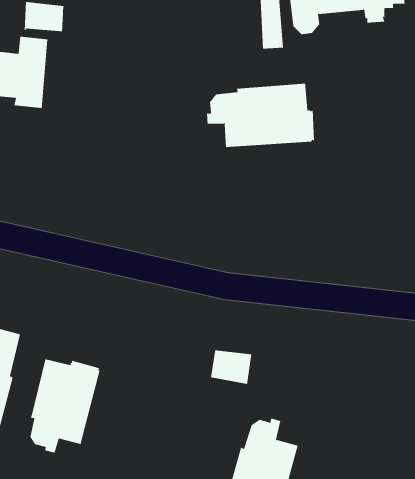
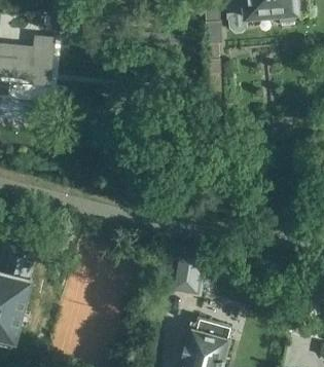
building: [206,83,315,148] -> none
building: [30,358,100,454] -> none

